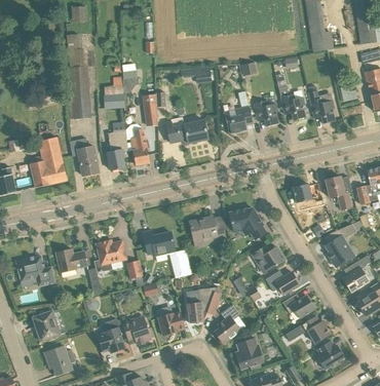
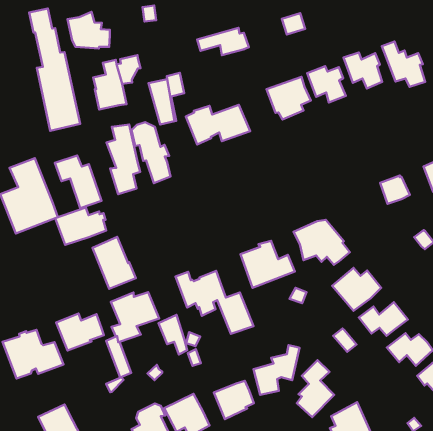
building: none -> [68,12,110,48]
building: none -> [55,208,106,245]
building: none -> [93,237,136,289]

